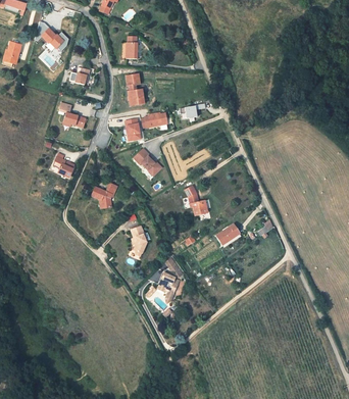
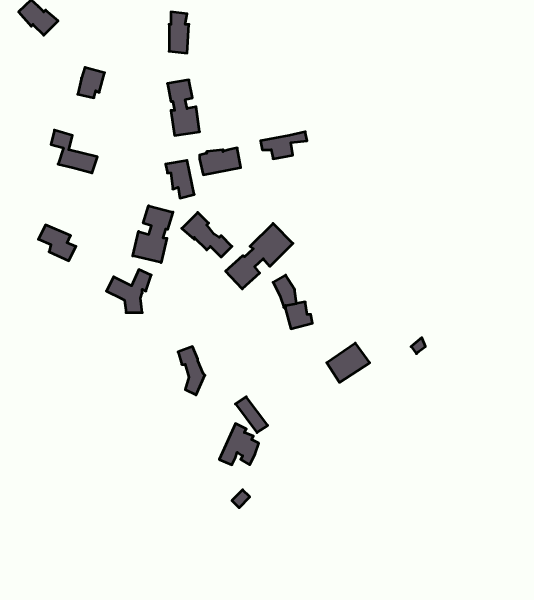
building: none -> [133,206,173,263]
building: none -> [226,223,293,289]

